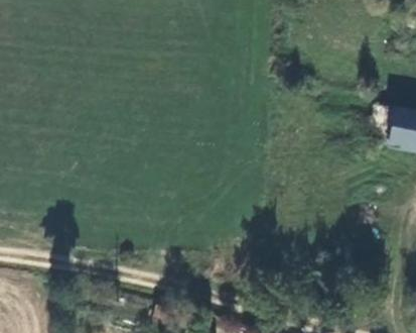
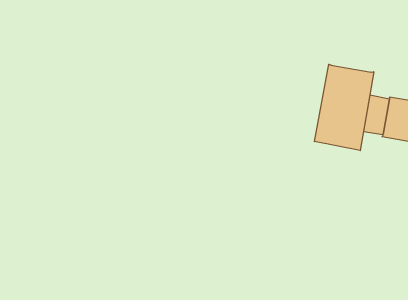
building: none -> [314,64,374,151]

